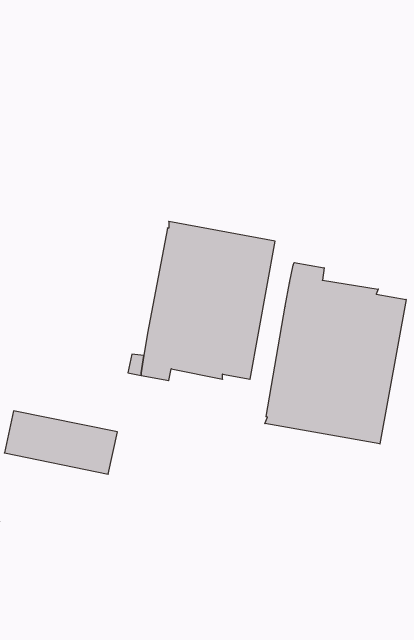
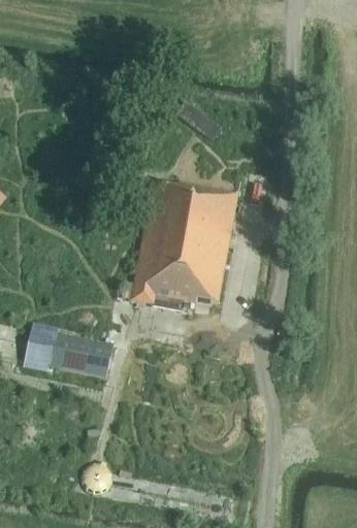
building: [265,263,406,444] -> none

